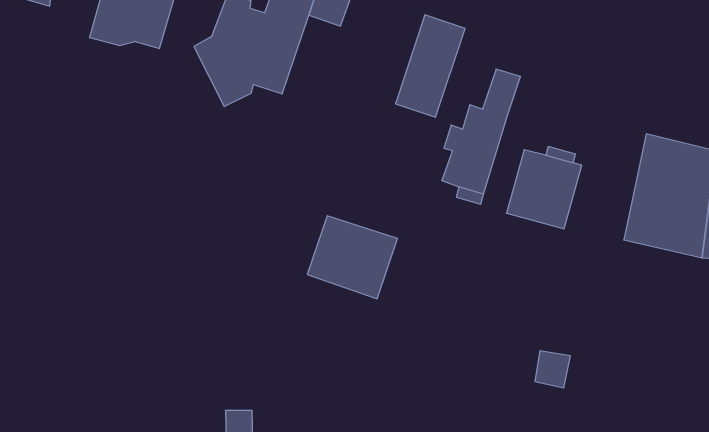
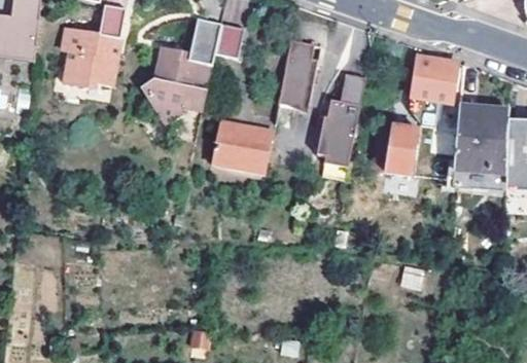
building: none -> [409,55,456,103]
building: [307,216,398,299] -> [215,123,275,177]

